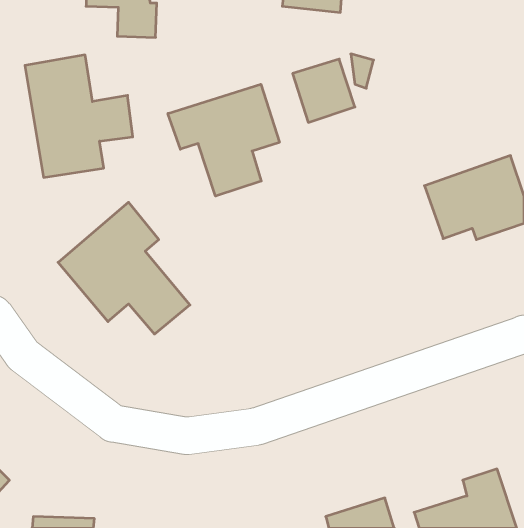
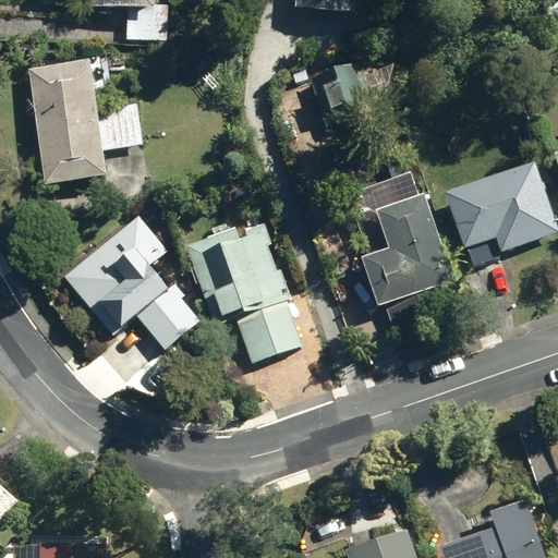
building: [168,84,279,196] -> none
building: none -> [347,170,459,330]
building: none -> [185,220,303,364]

